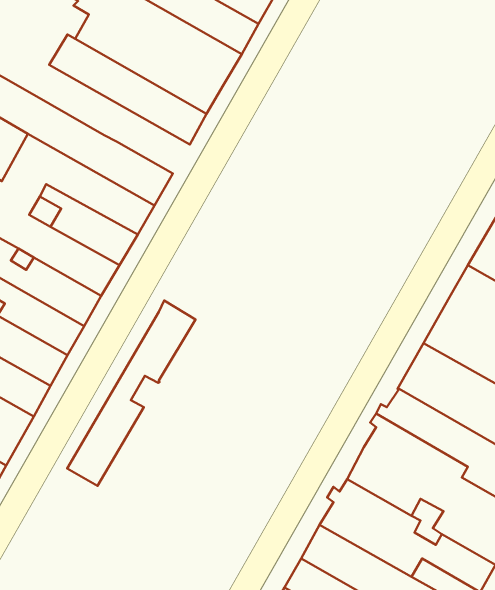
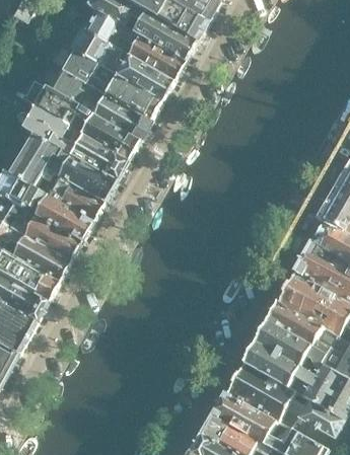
building: none -> [34,86,139,158]
building: [67,301,195,486] -> none

